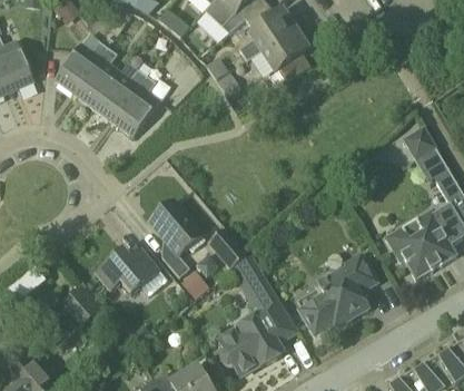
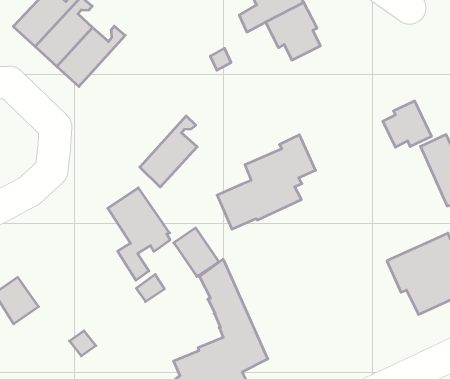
building: [115,75,160,136] -> [140,116,197,187]
building: none -> [383,101,431,147]
building: [97,247,168,295] -> none
building: [298,253,377,338] -> [217,135,316,229]

